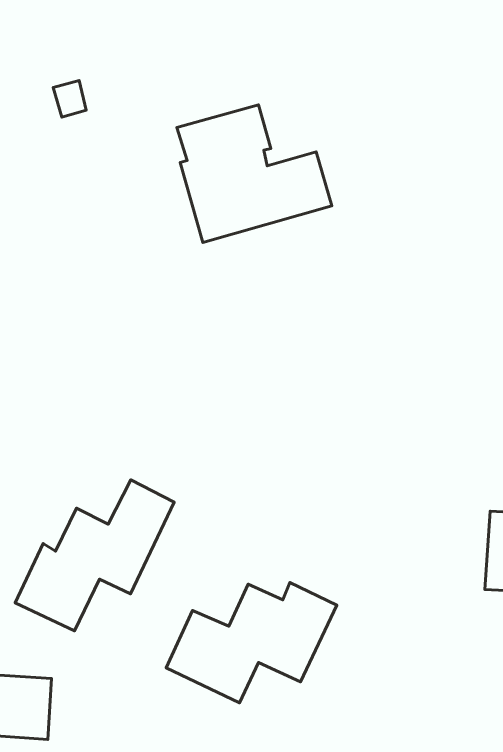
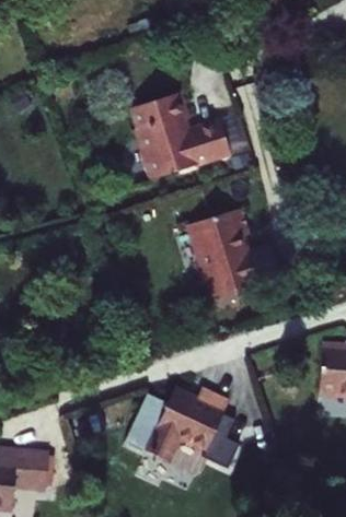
building: none -> [189,213,280,305]
building: [15,480,174,631] -> none

